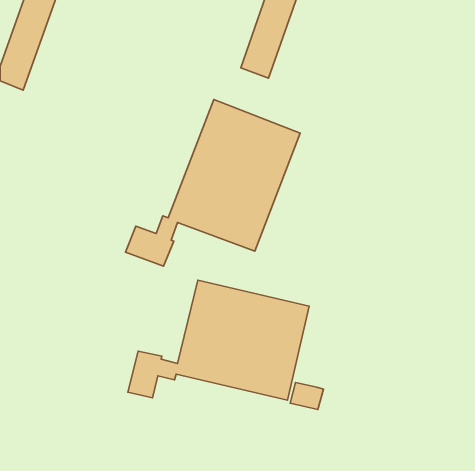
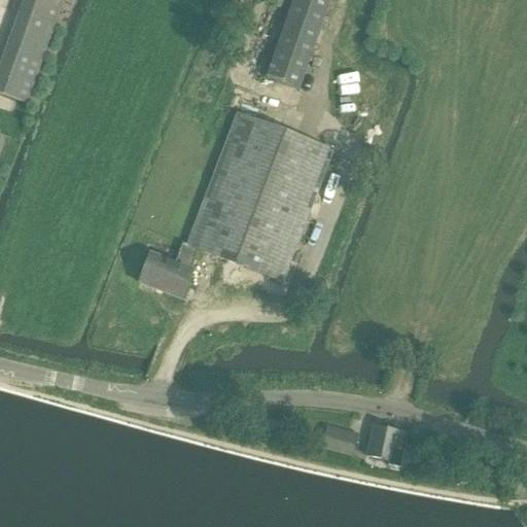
building: [128,280,309,400] -> none
building: none -> [366,422,405,464]

